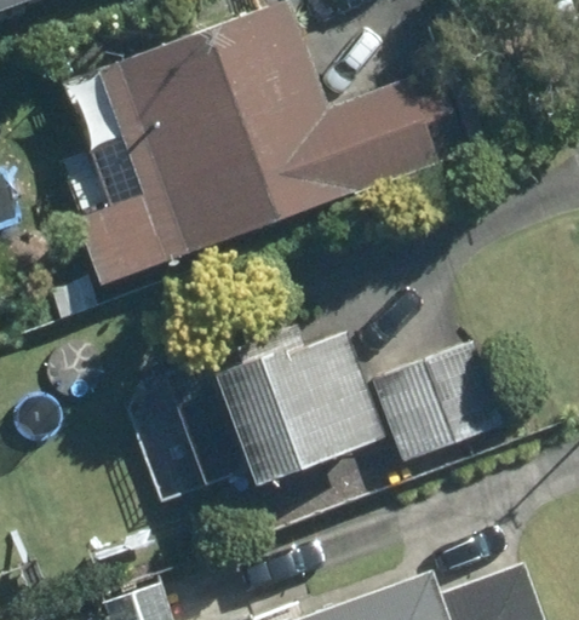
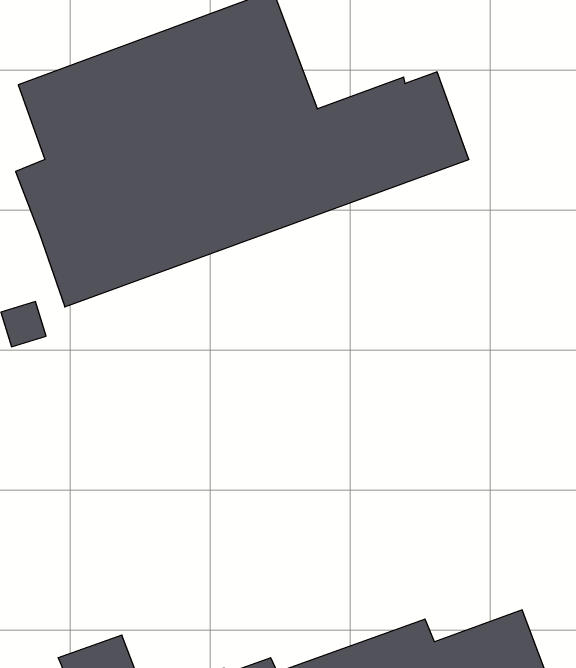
building: [161,328,382,490] -> none
building: [368,343,499,463] -> none

